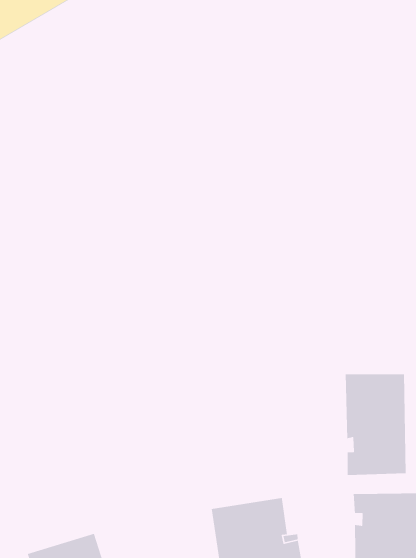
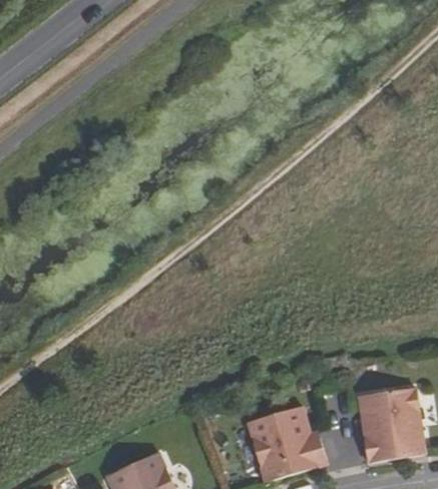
building: [345,373,407,476] -> none

